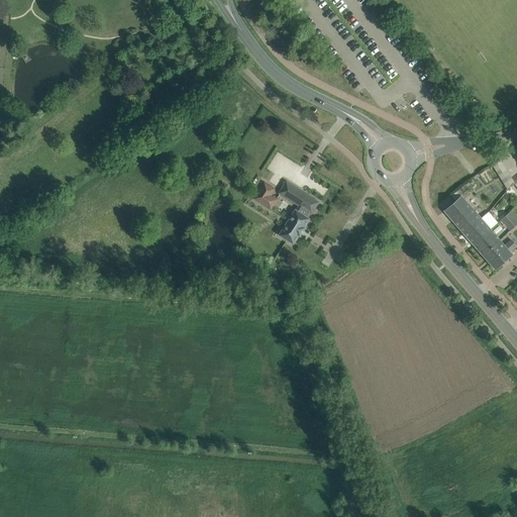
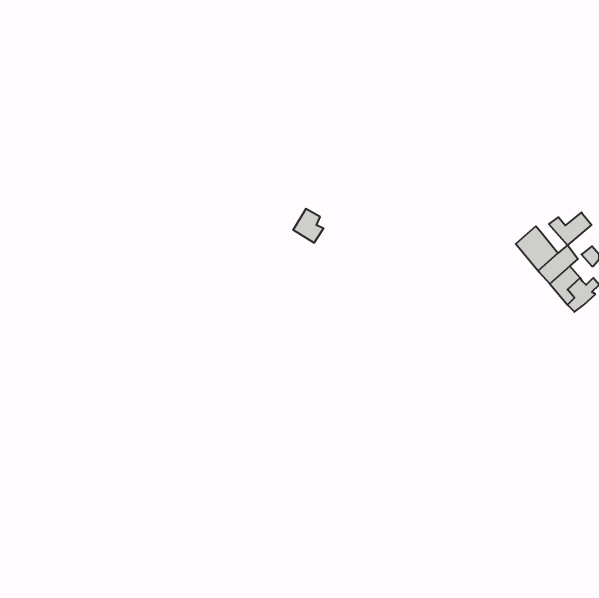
building: [279,181,319,243] -> none
building: none -> [549,212,592,245]

